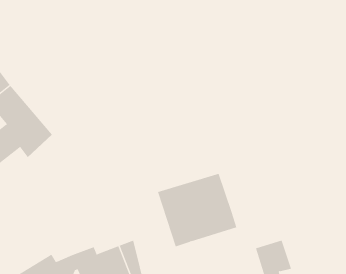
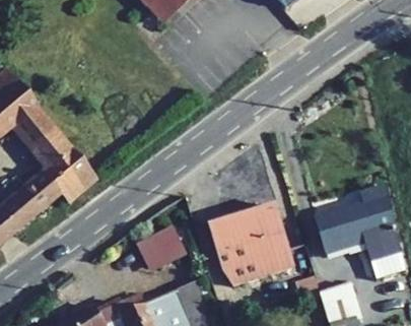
building: none -> [307,184,403,280]
building: none -> [134,225,185,274]

